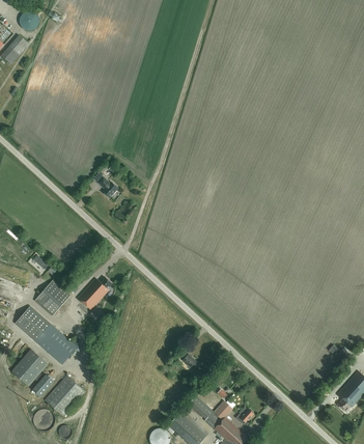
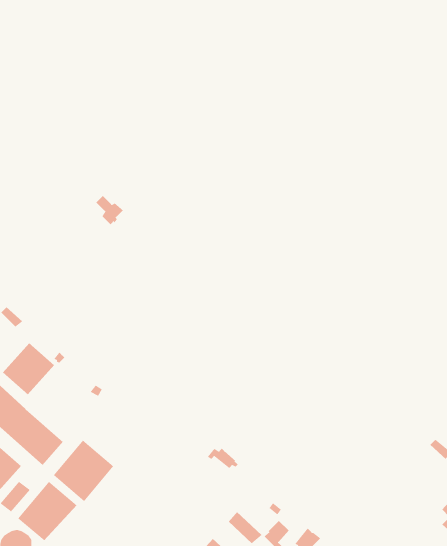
building: [77,277,111,310] -> none
building: none -> [53,439,114,502]

